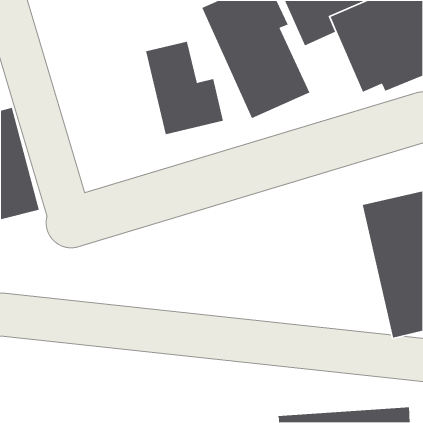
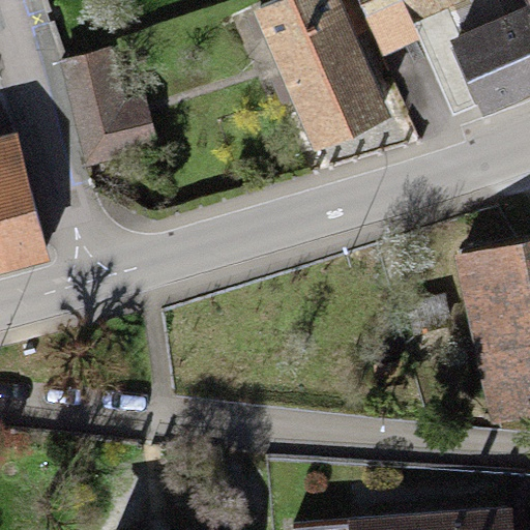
building: [145,41,224,135] -> [60,46,158,164]

